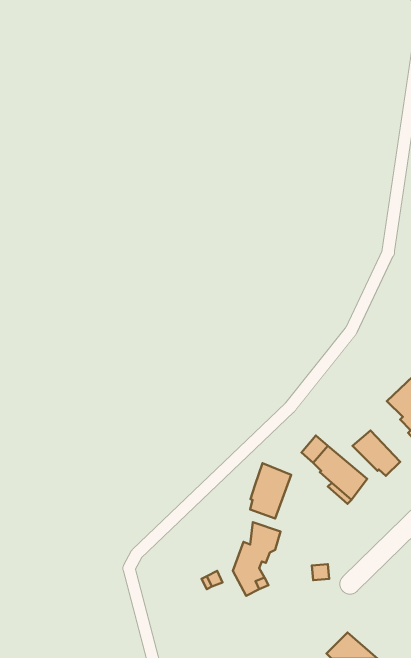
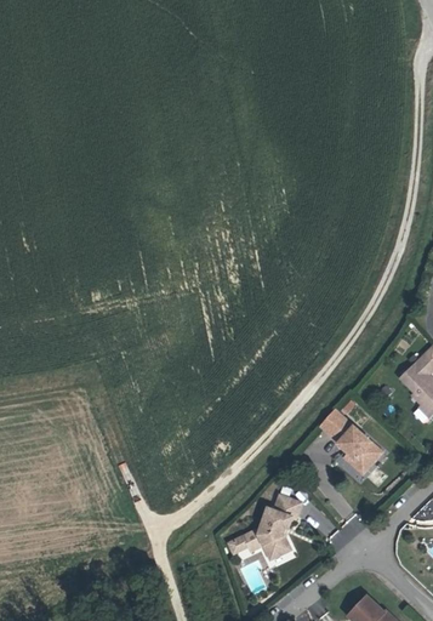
building: [353,430,400,476] -> none
building: [250,463,291,518] -> none

